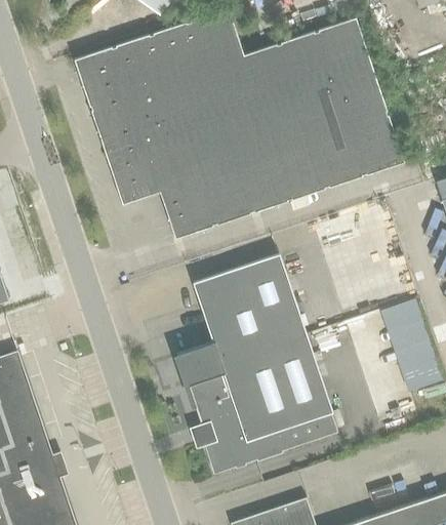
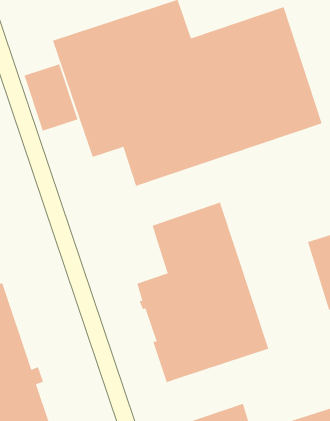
building: none -> [24,64,78,132]

